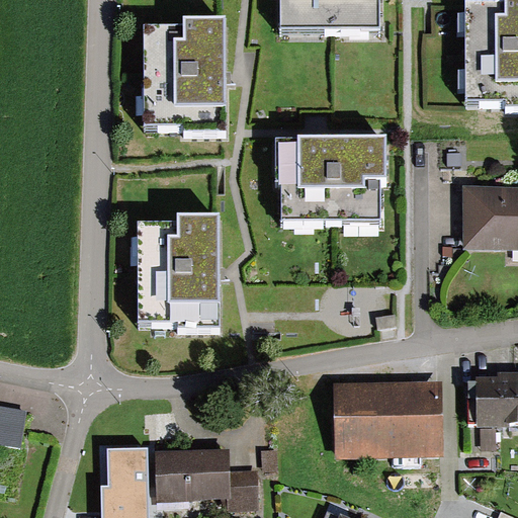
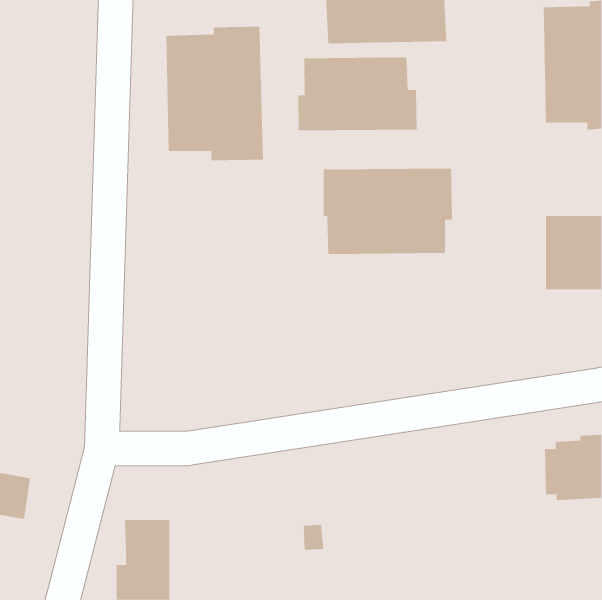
building: none -> [298,57,417,131]
building: [138,219,220,334] -> none
building: [333,380,443,459] -> none
building: [156,447,258,506] -> none

